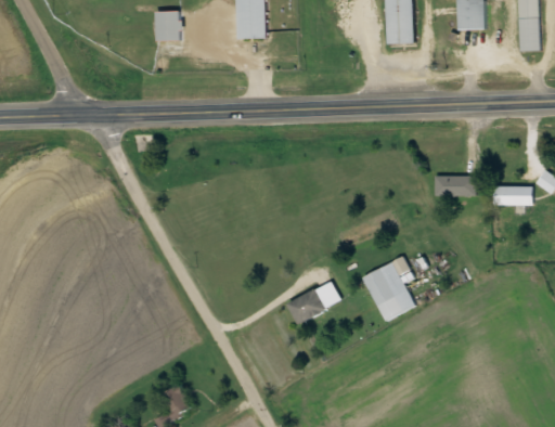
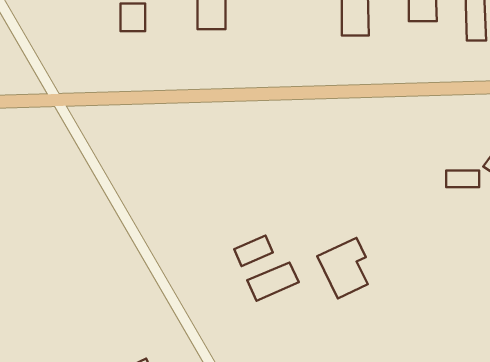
building: [434,174,476,197] -> none
building: none -> [234,235,273,266]

